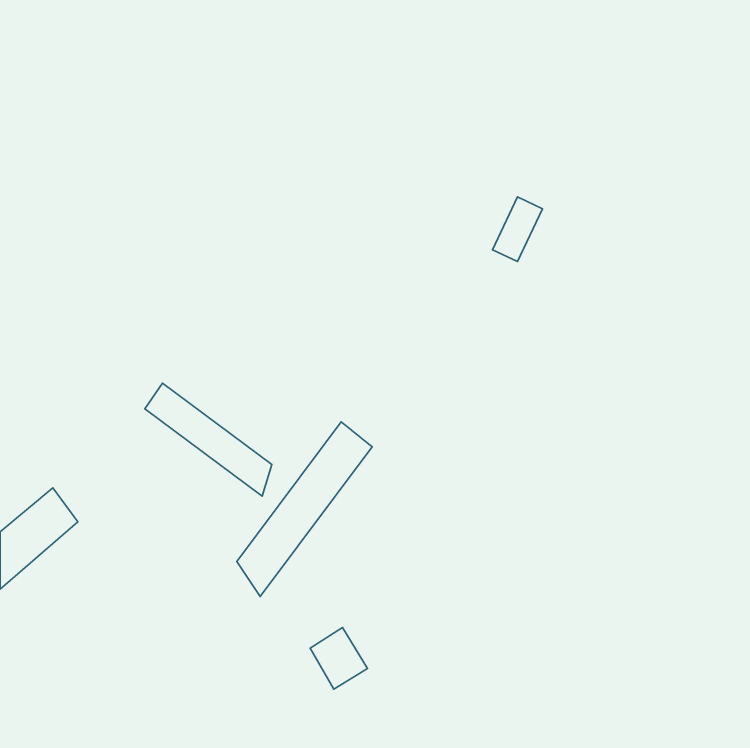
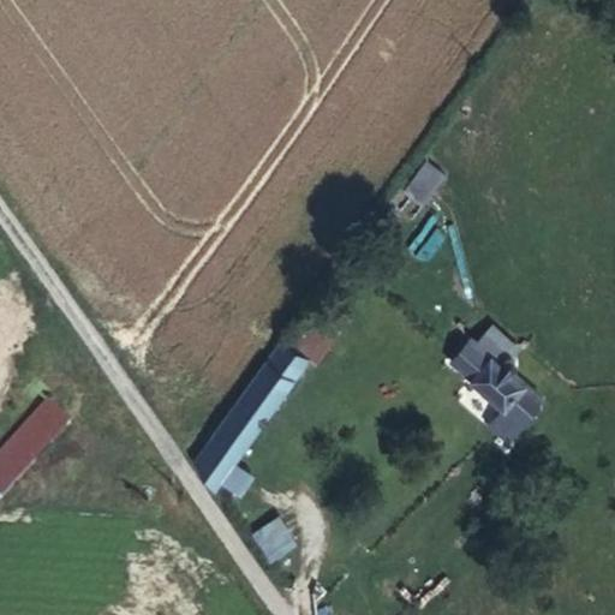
building: [145,383,272,496] -> none
building: none -> [438,328,548,436]

